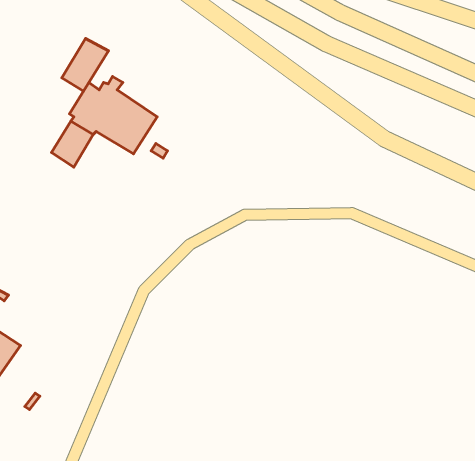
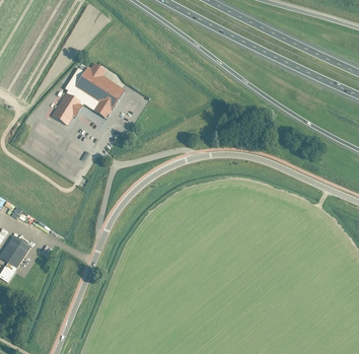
building: [62,39,109,91] -> none

